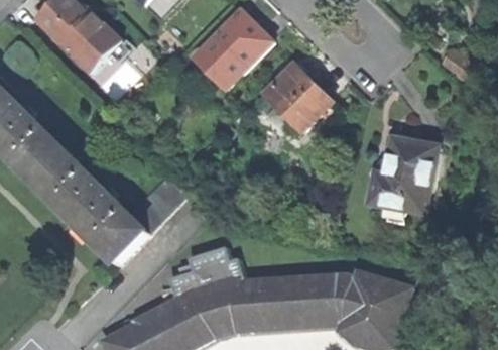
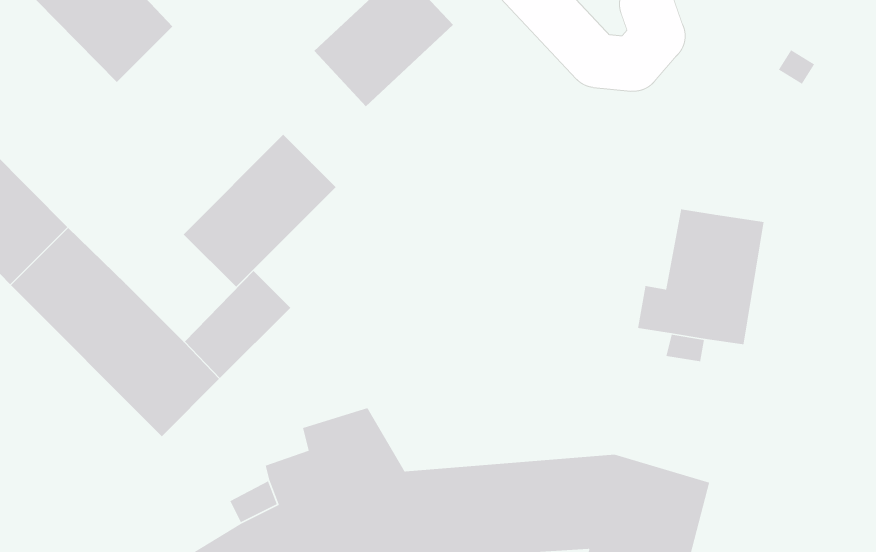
building: [265,64,331,130] -> none
building: none -> [183,134,337,288]

